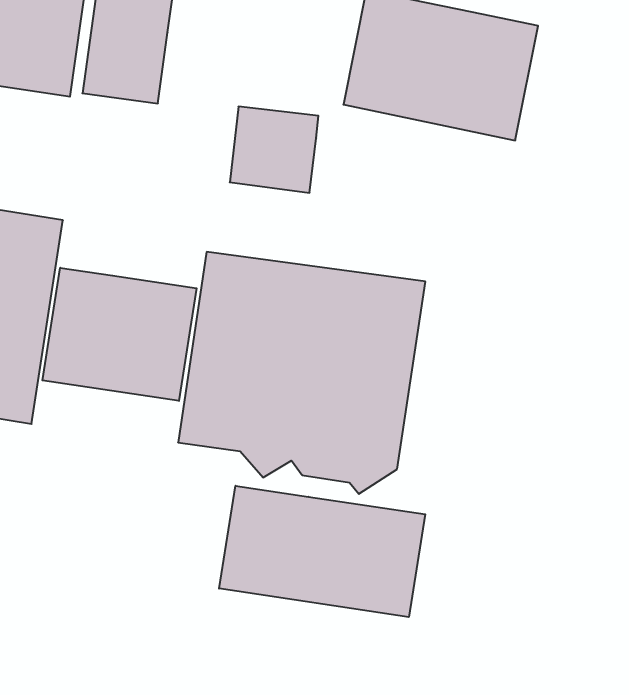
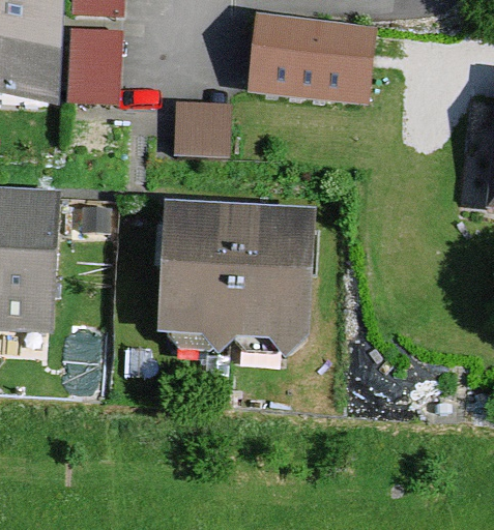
building: [42,268,197,401] -> none
building: [219,486,425,617] -> none

